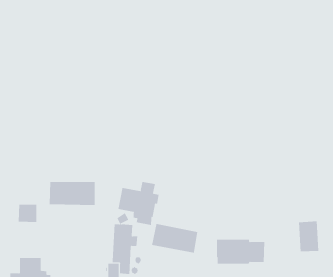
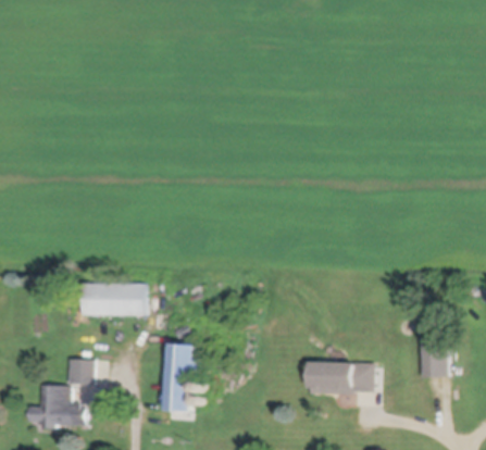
building: [118,181,159,226] -> none
building: [18,204,37,223] -> [67,361,94,386]
building: [152,223,198,254] -> none

